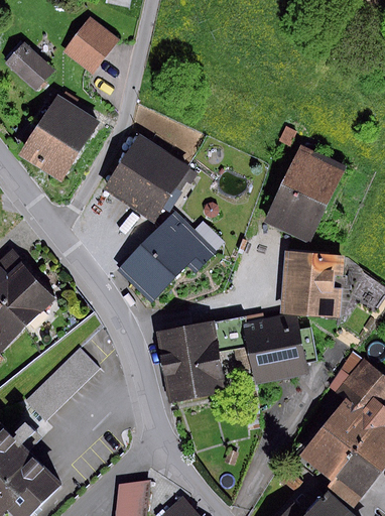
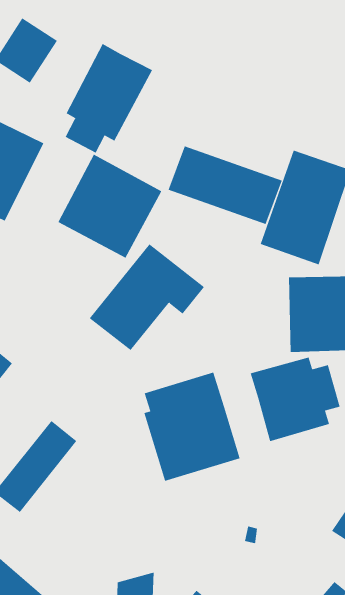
building: none -> [65,43,153,153]
building: none -> [168,146,282,225]
building: [216,315,249,350] -> none

